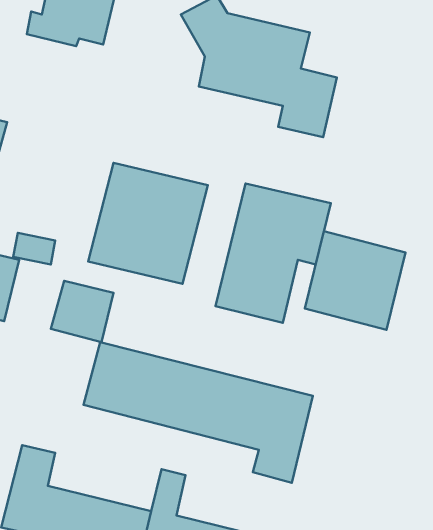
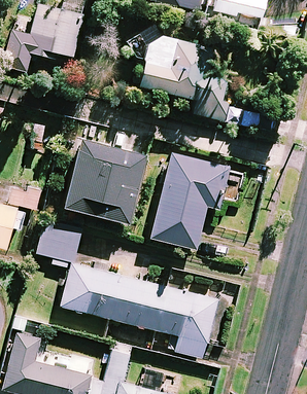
building: [305,231,405,330] -> none

